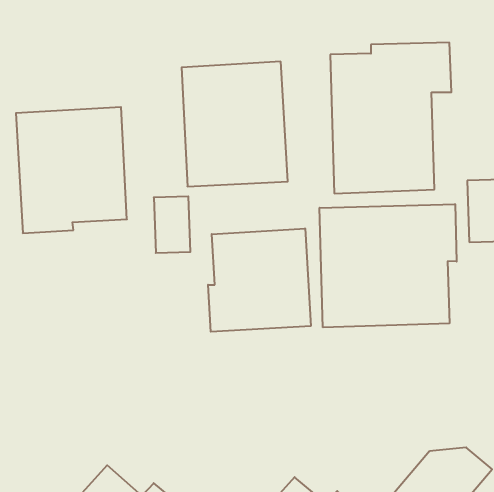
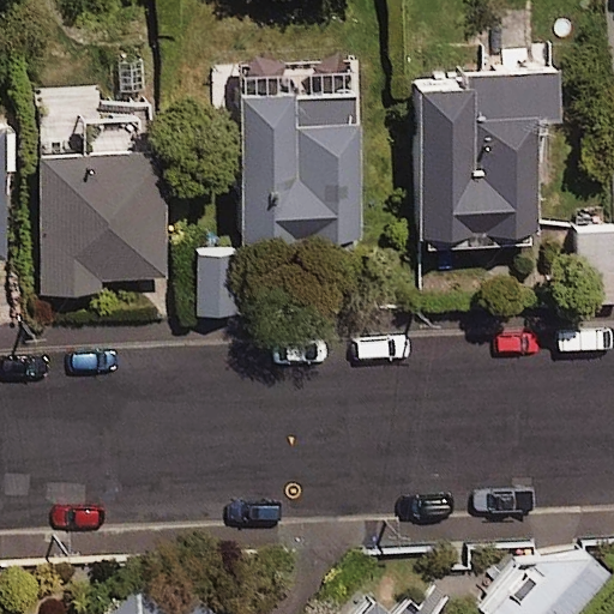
building: [320,204,457,327] -> none
building: [208,228,311,332] -> none

